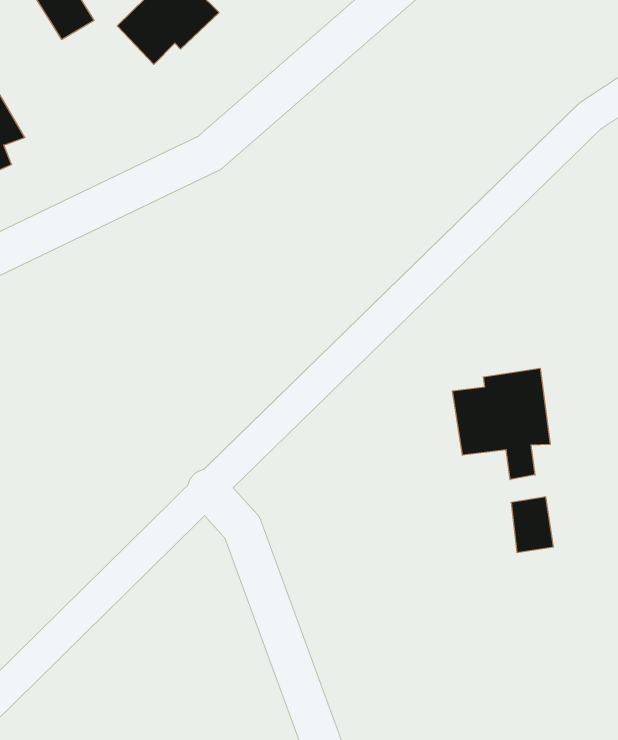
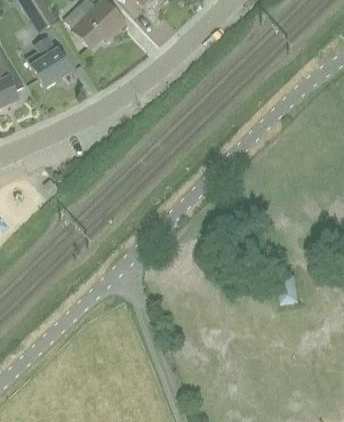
building: none -> [25,36,69,88]
building: [452,368,550,480] -> none

